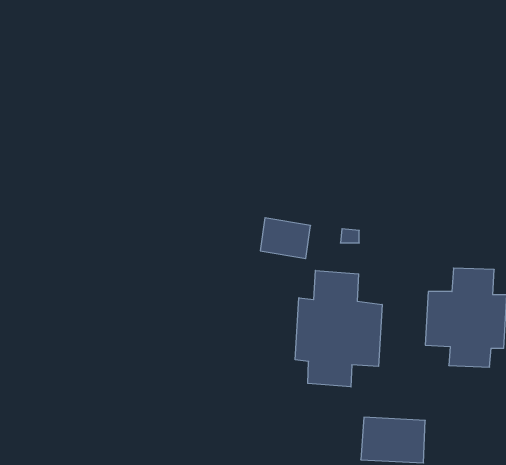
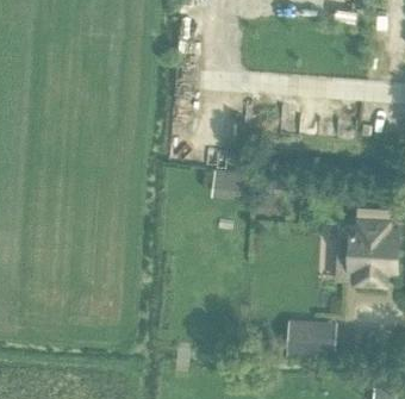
building: [295,270,382,387] -> none

